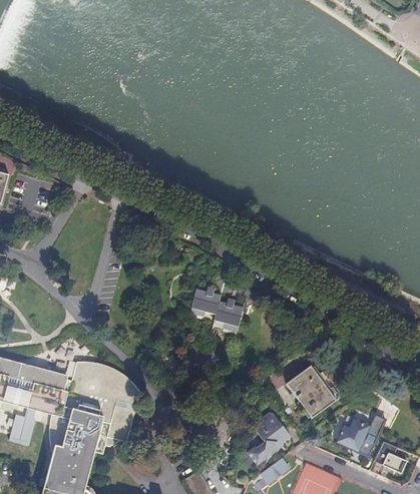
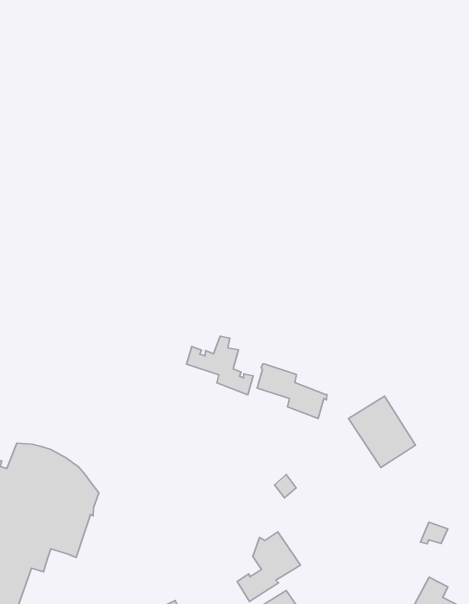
building: [191,296,243,333] -> [257,364,327,419]
building: [284,365,334,417] -> [349,396,416,468]
building: [335,415,377,450] -> none

